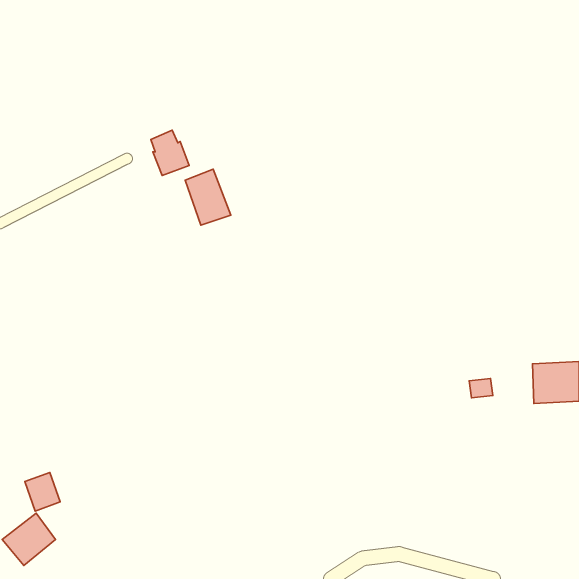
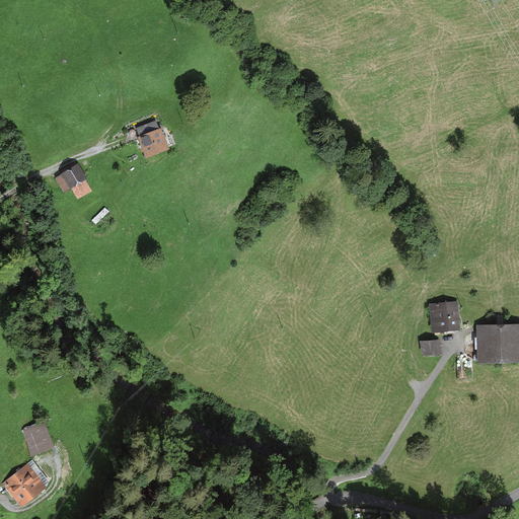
building: [185,169,231,225] -> none
building: none -> [55,162,91,199]
building: none -> [430,301,460,330]

